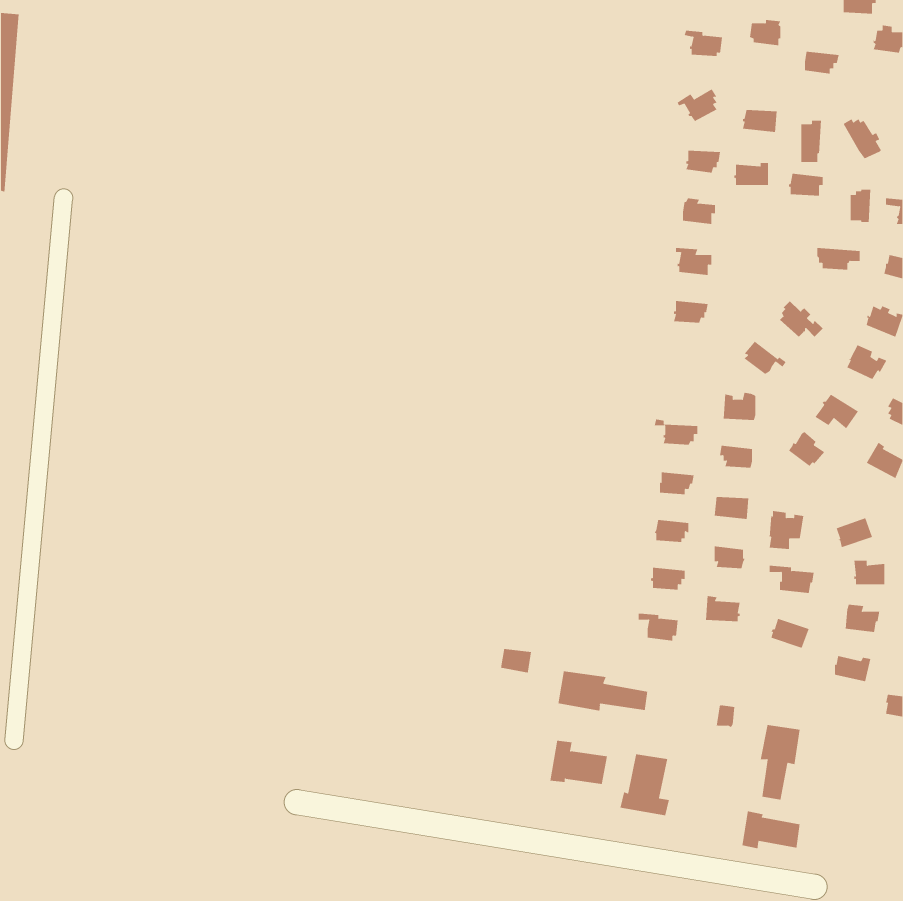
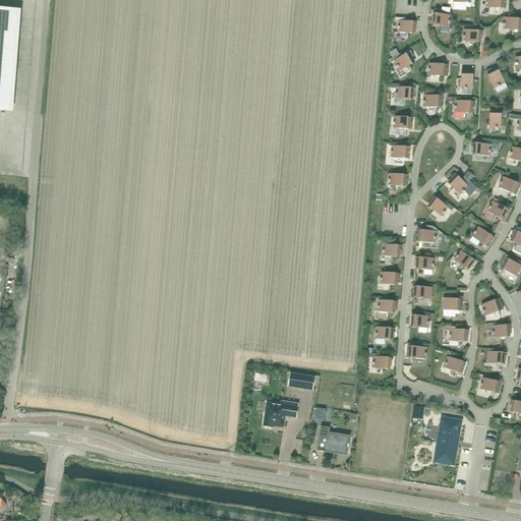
building: [558,670,648,712] -> none
building: none -> [263,401,298,427]
building: [620,753,670,816] -> none
building: [742,811,800,849] -> none

